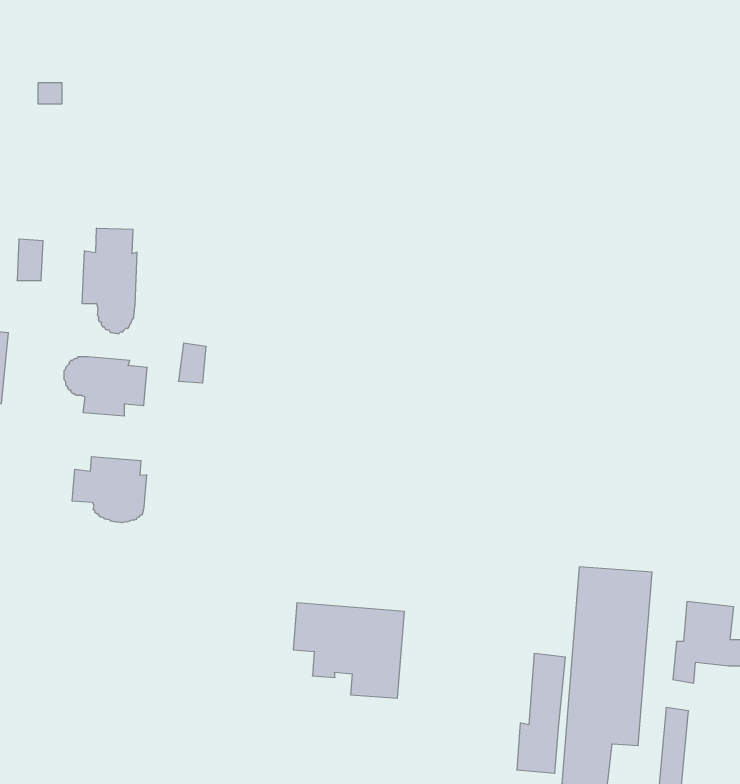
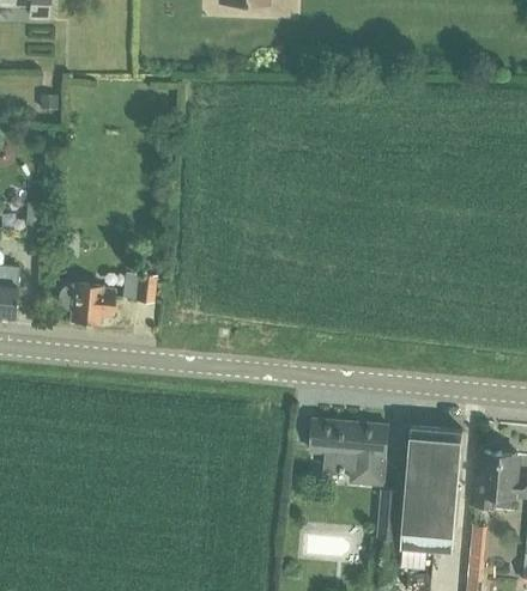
building: [82,228,137,334] -> none
building: [72,457,147,523] -> none
building: [293,603,404,698] -> [311,420,388,486]

